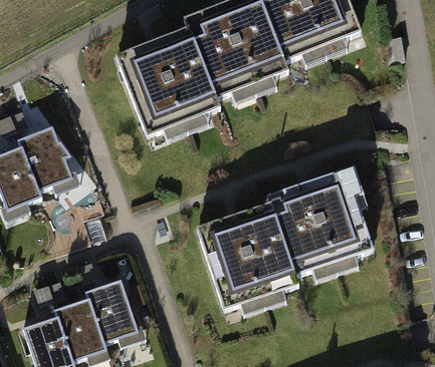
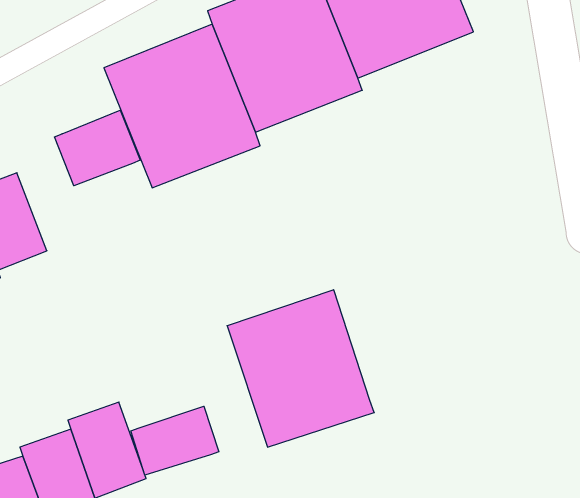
building: none -> [55,110,140,186]
building: [262,170,373,281] -> none
building: none -> [131,406,219,475]

